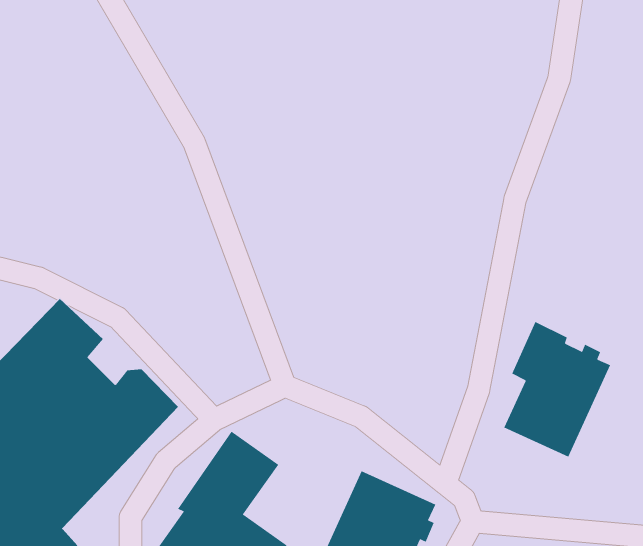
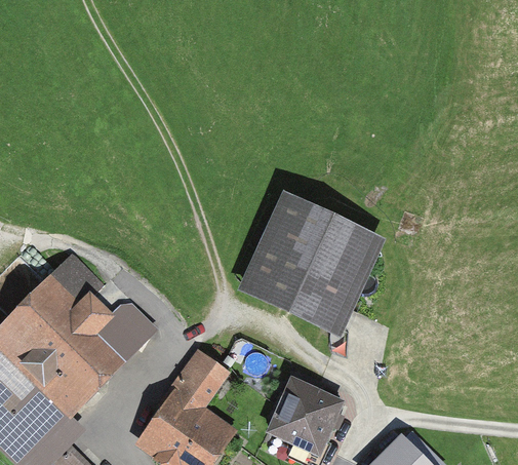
building: none -> [237,191,386,337]
building: [503,321,611,457] -> none

